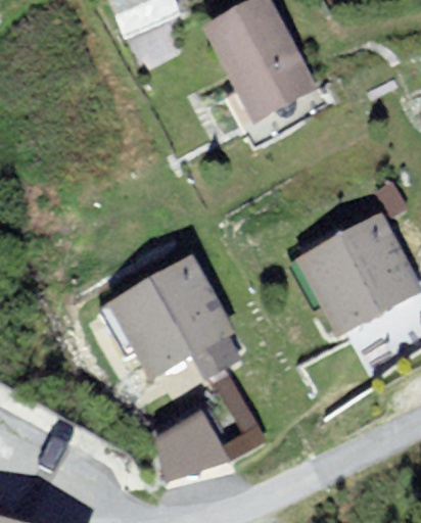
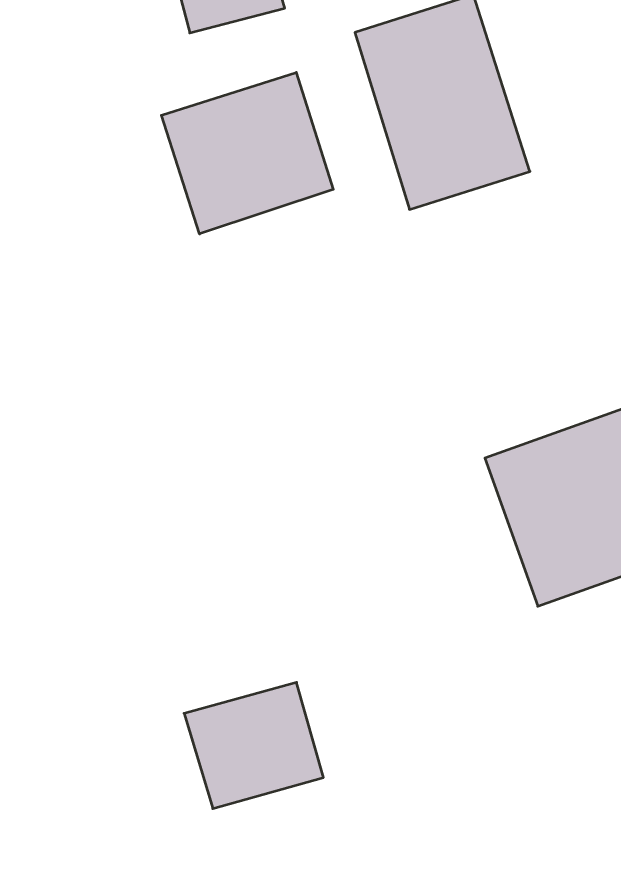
building: none -> [161,72,333,234]
building: [95,267,235,391] -> none

